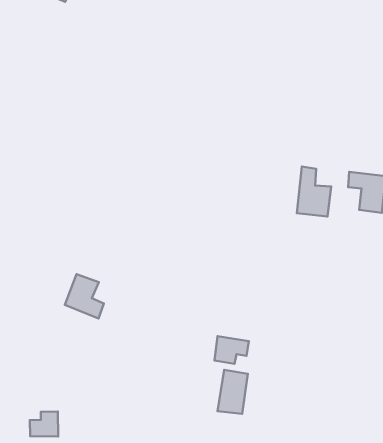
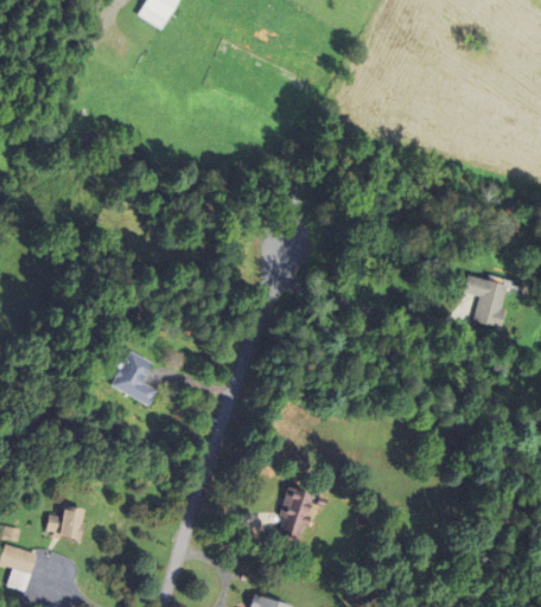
building: [297,166,331,216] -> none
building: [214,336,249,364] -> none

